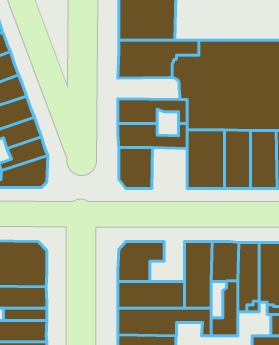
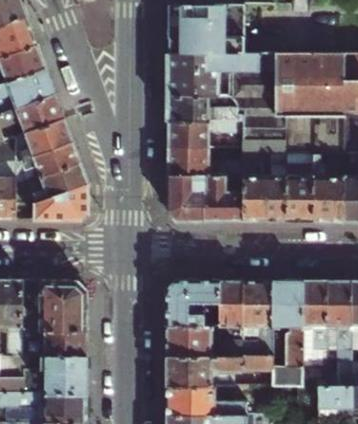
building: none -> [166,96,236,121]
building: none -> [204,175,244,221]
building: none -> [202,281,241,326]

